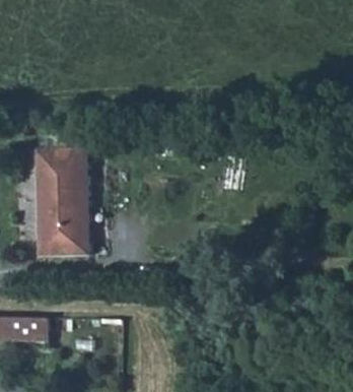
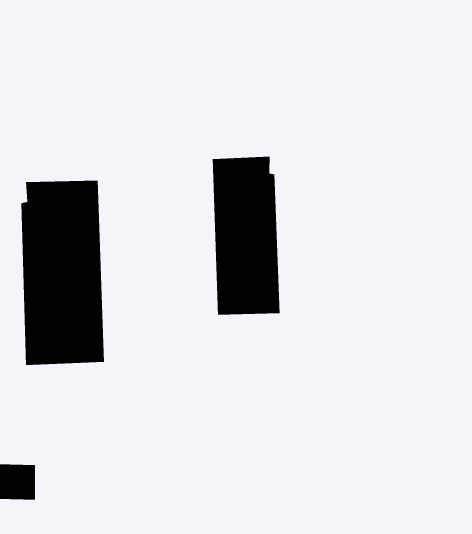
building: none -> [212,156,280,316]

